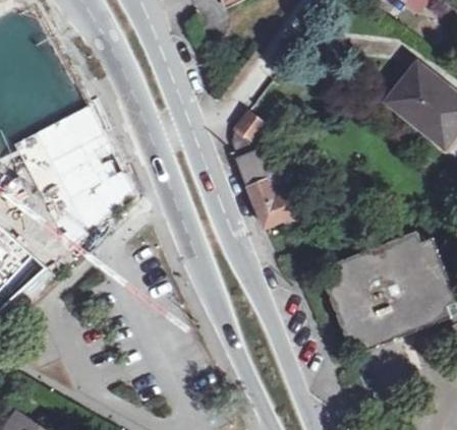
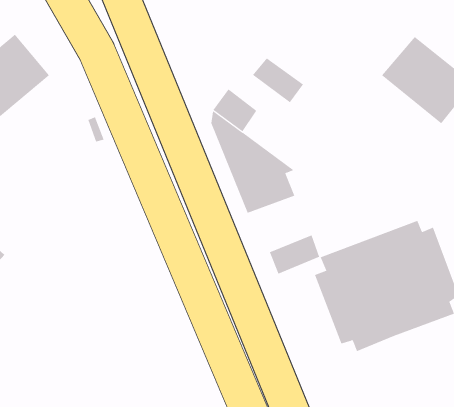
building: none -> [252,58,304,103]
building: none -> [269,234,320,275]

